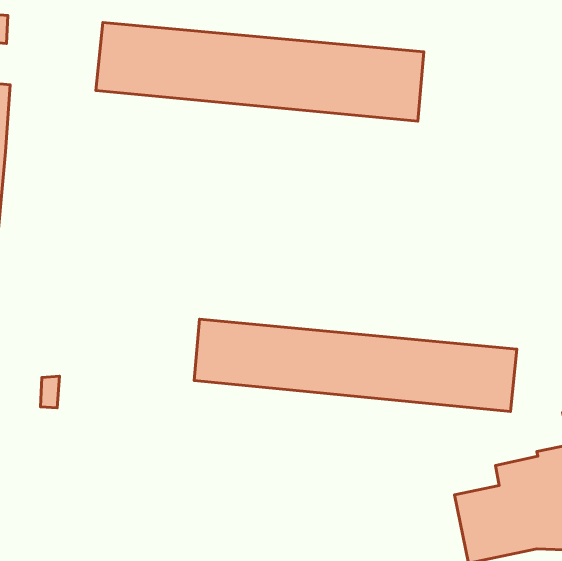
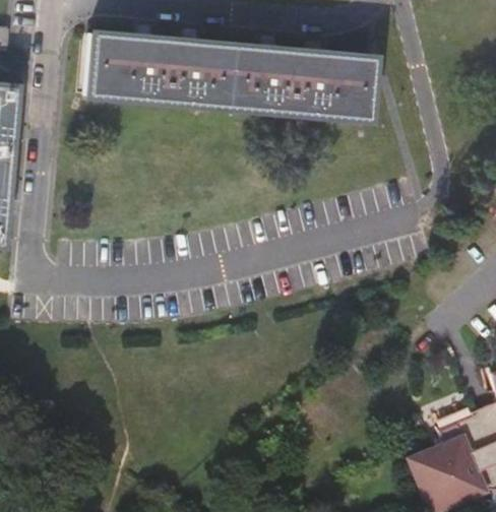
building: [194,319,517,411] -> none

